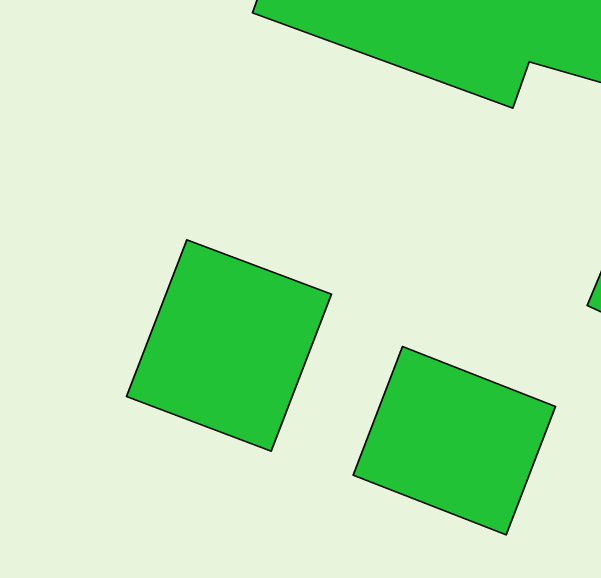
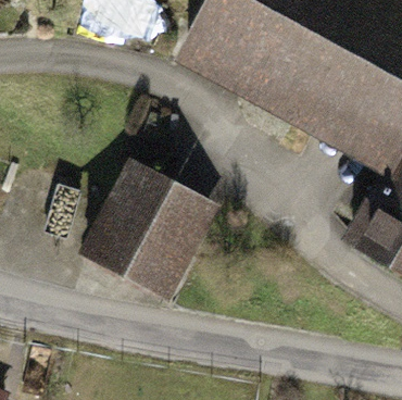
building: [353,347,556,535] -> none

